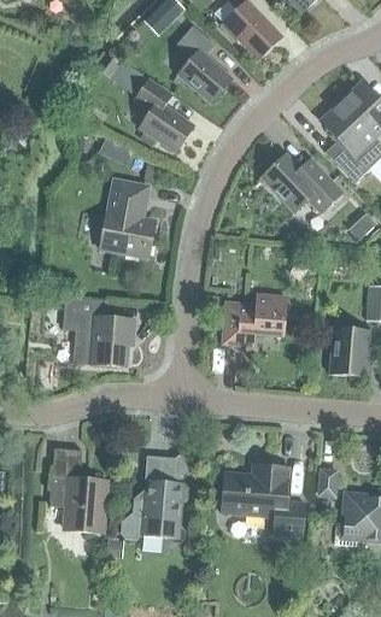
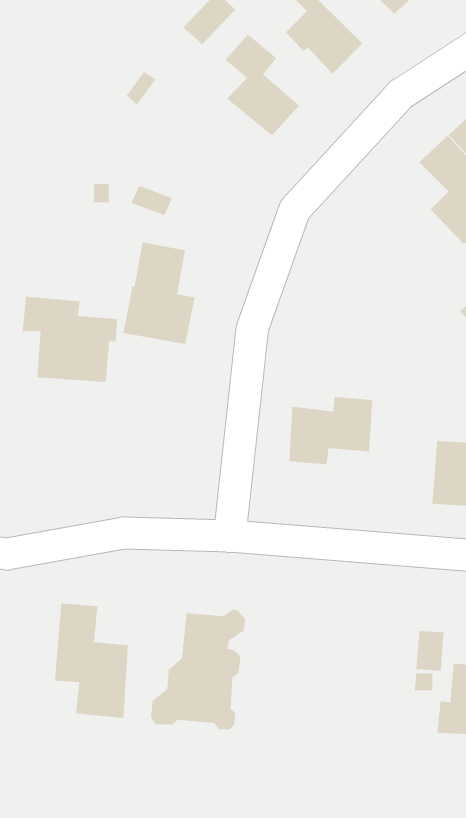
building: [133,77,193,151] -> none
building: [262,153,342,212] -> none
building: [63,301,134,365] -> [22,296,118,382]
building: [221,464,304,535] -> none

